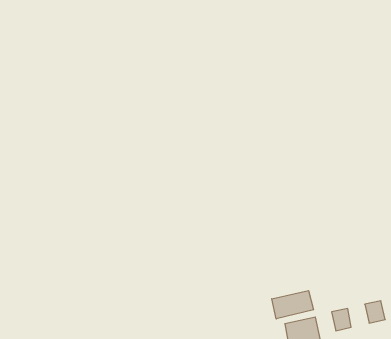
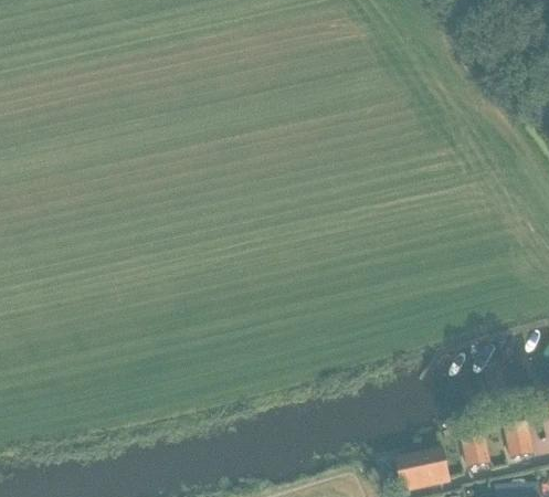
building: [272,291,314,319] -> none

